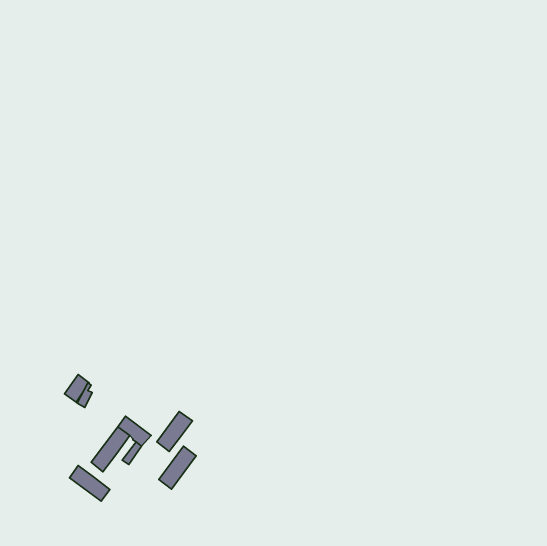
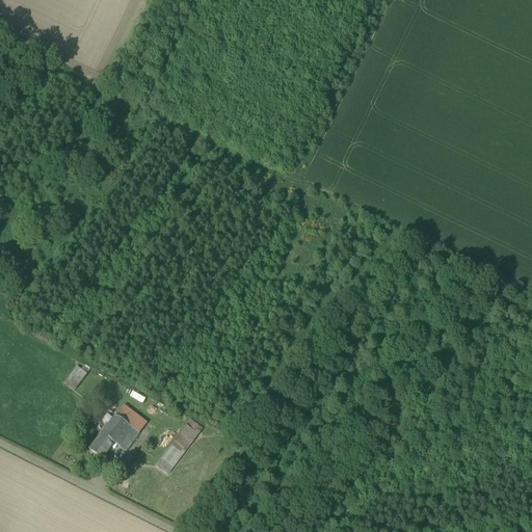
building: [157,412,192,451] -> none
building: [70,465,110,501] -> none

